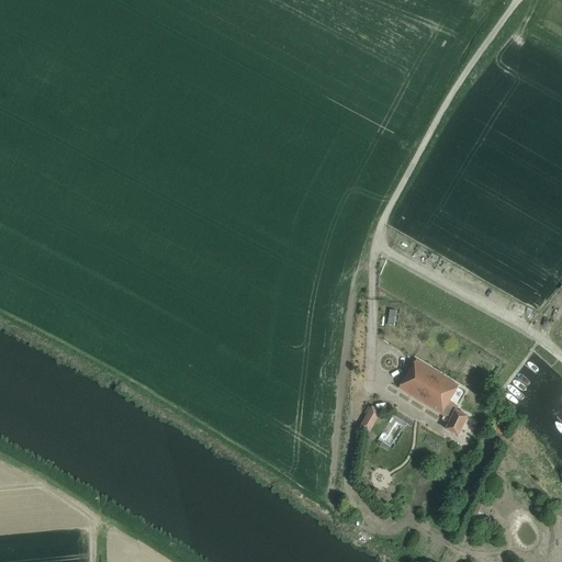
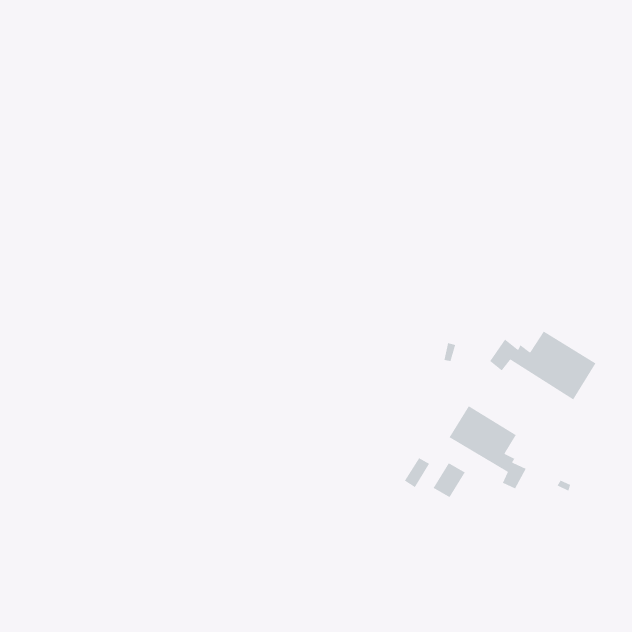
building: none -> [489,330,597,400]

